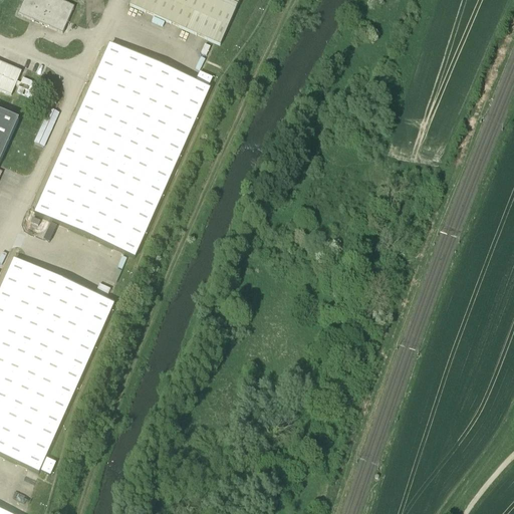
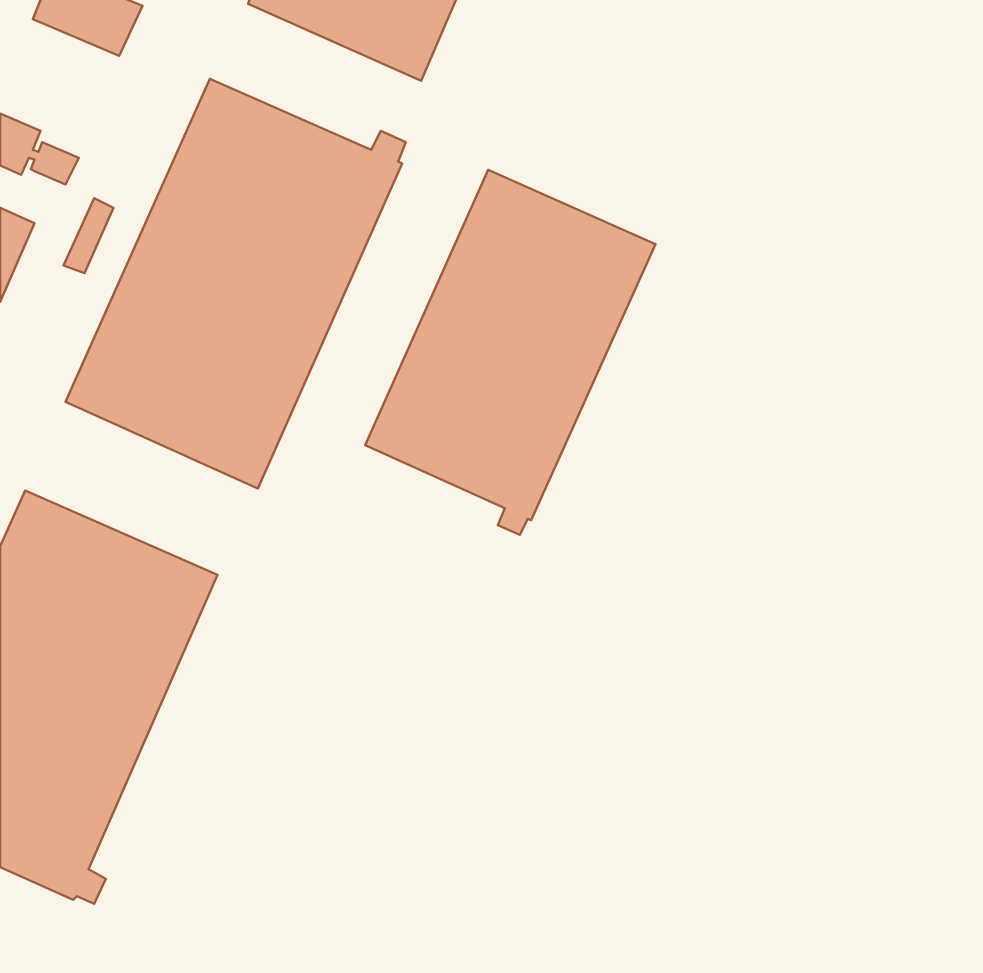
building: none -> [365,170,655,535]

